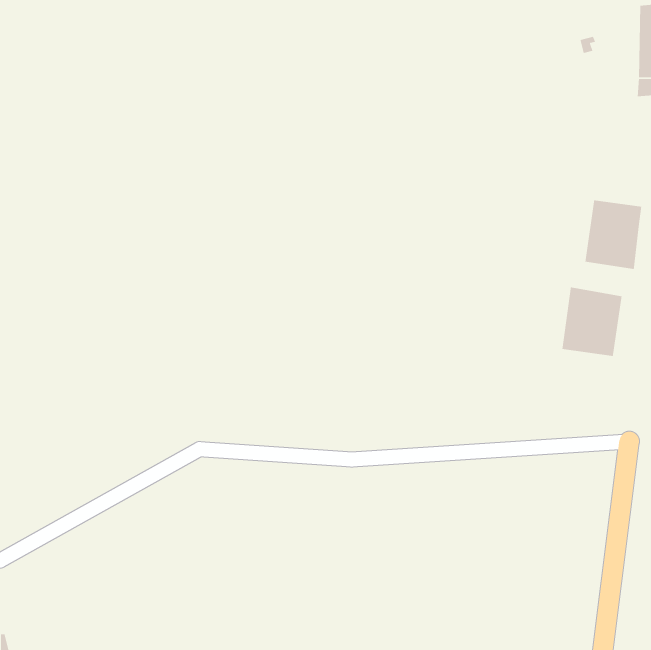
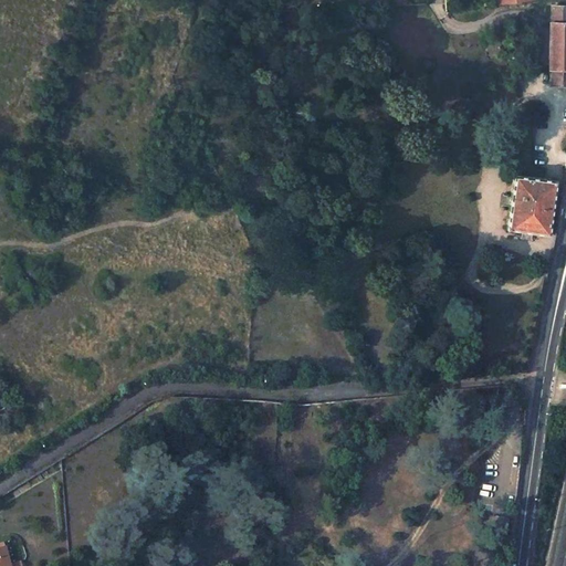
building: [561,286,623,357] -> none

